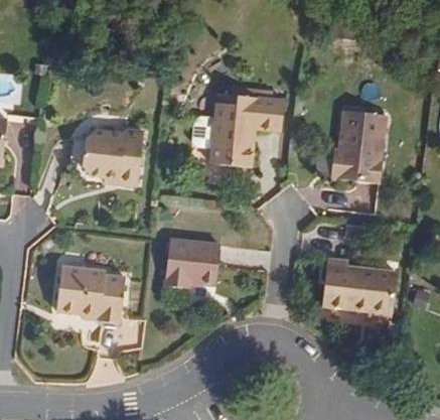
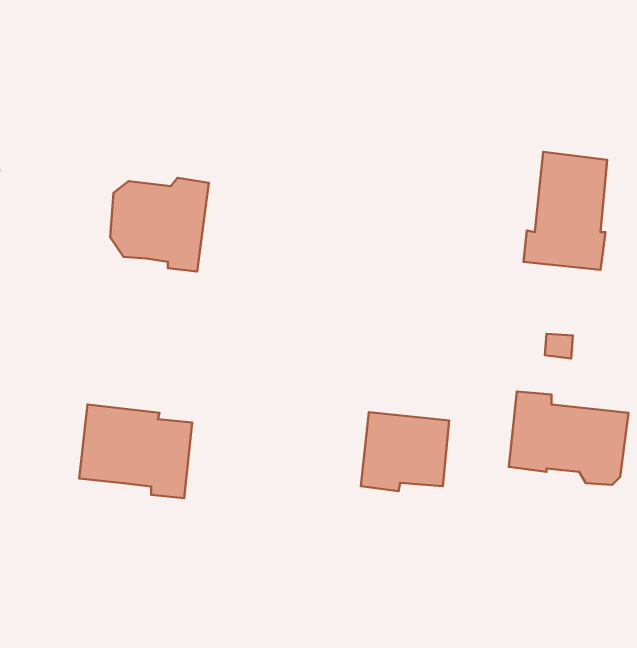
building: [210,93,285,166] -> none
building: [160,236,214,284] -> [361,412,449,491]

